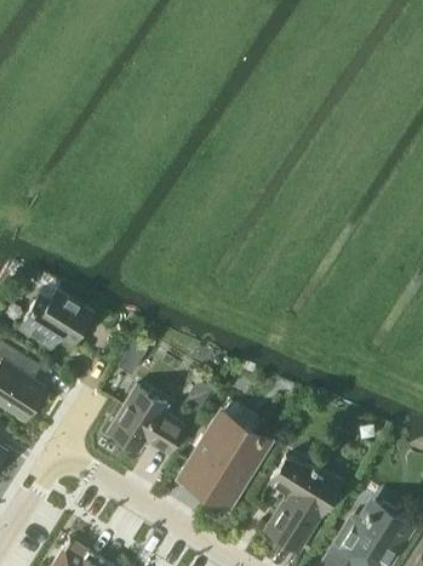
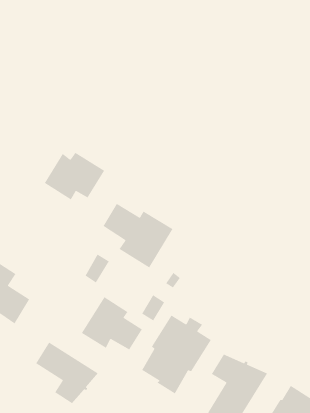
building: none -> [103,203,174,268]
building: [18,288,95,349] -> [44,152,105,201]
building: none -> [35,342,99,404]

